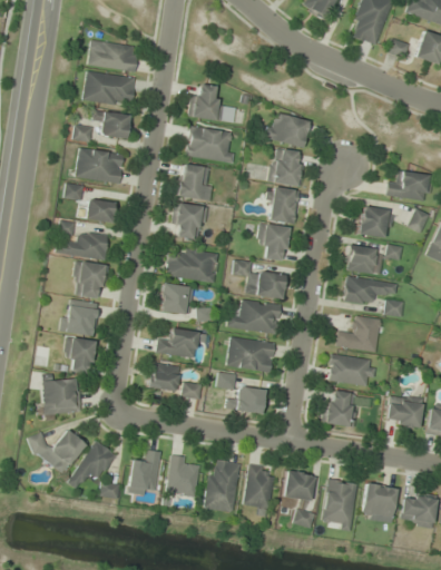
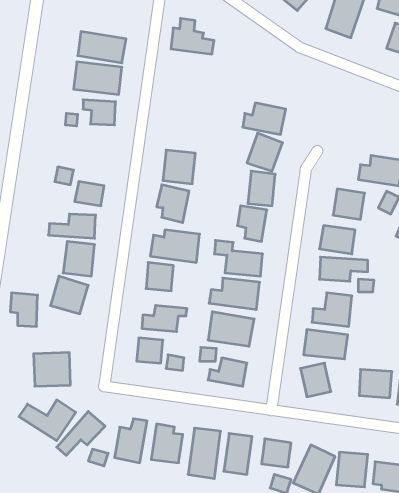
building: [192,83,237,121] -> [171,18,214,54]
building: [186,124,237,164] -> none
building: [77,146,126,184] -> none
building: [66,337,95,373] -> [10,293,38,326]

